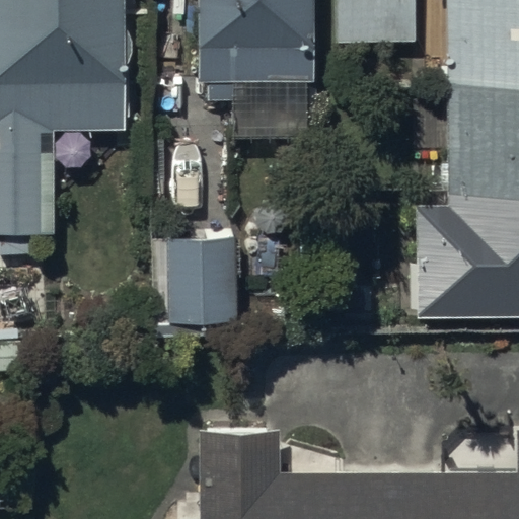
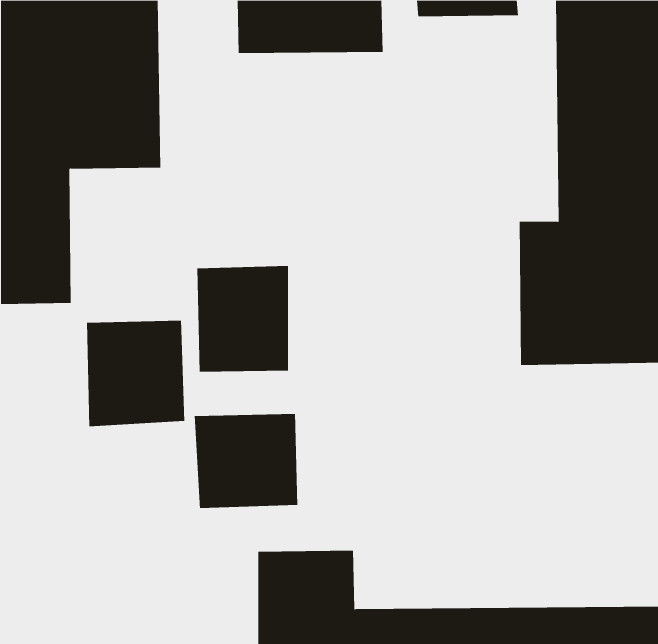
building: none -> [87,320,185,427]
building: none -> [194,413,298,509]

